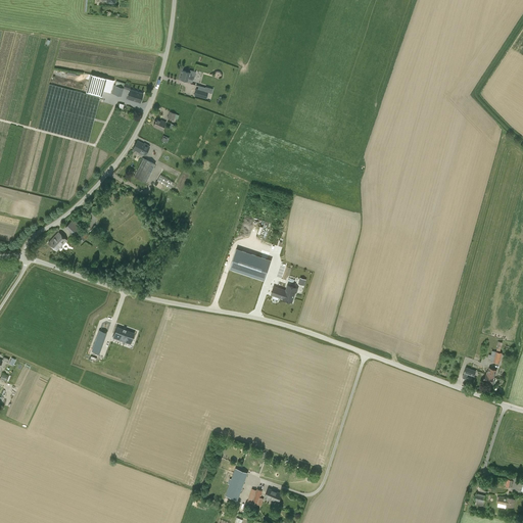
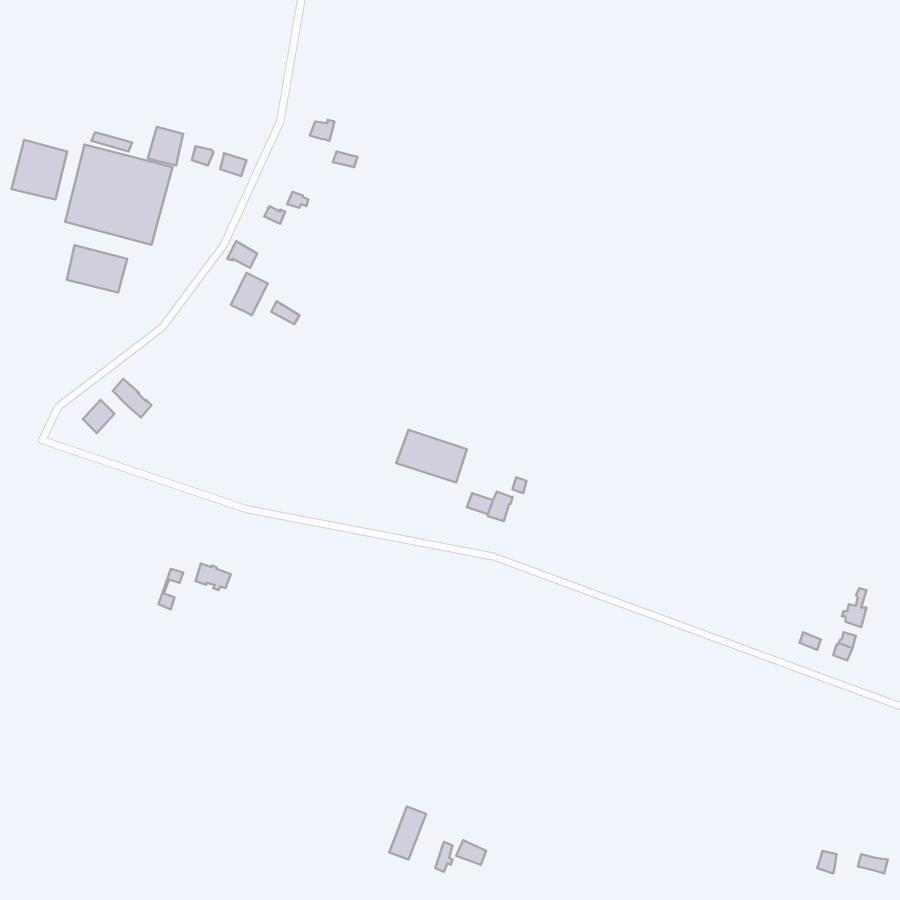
building: none -> [11,140,67,200]
building: none -> [67,245,127,293]

